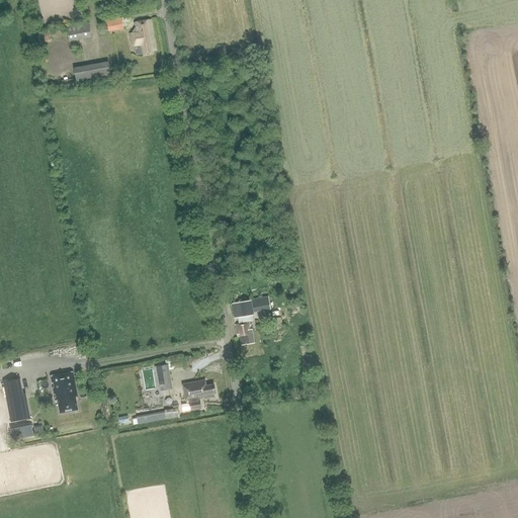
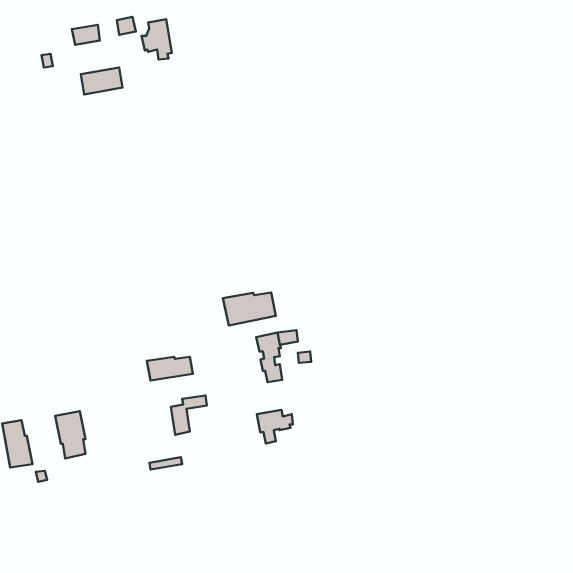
building: none -> [223,293,276,325]
building: none -> [147,357,193,380]
building: [182,379,214,410] -> [257,410,293,444]

